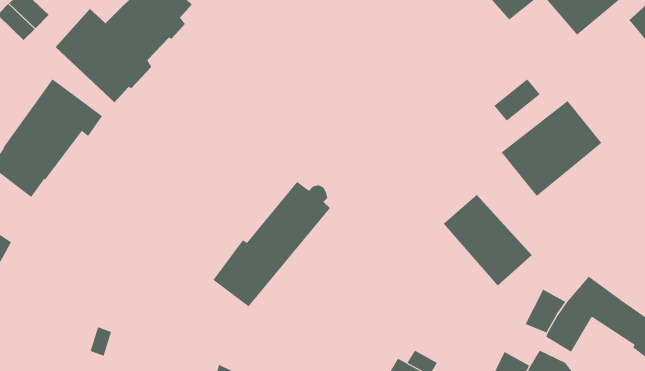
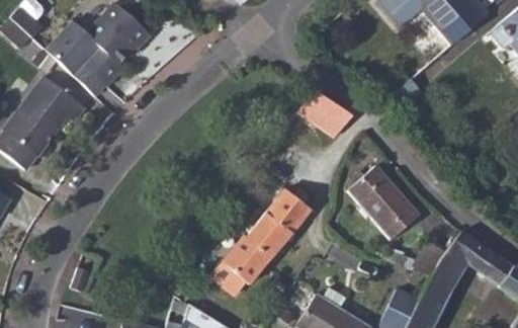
building: none -> [296,91,351,139]
building: [501,100,602,197] -> none
building: [213,181,331,307] -> [218,190,310,289]

